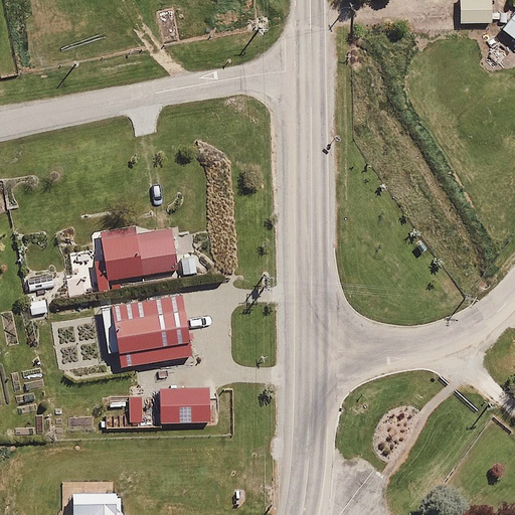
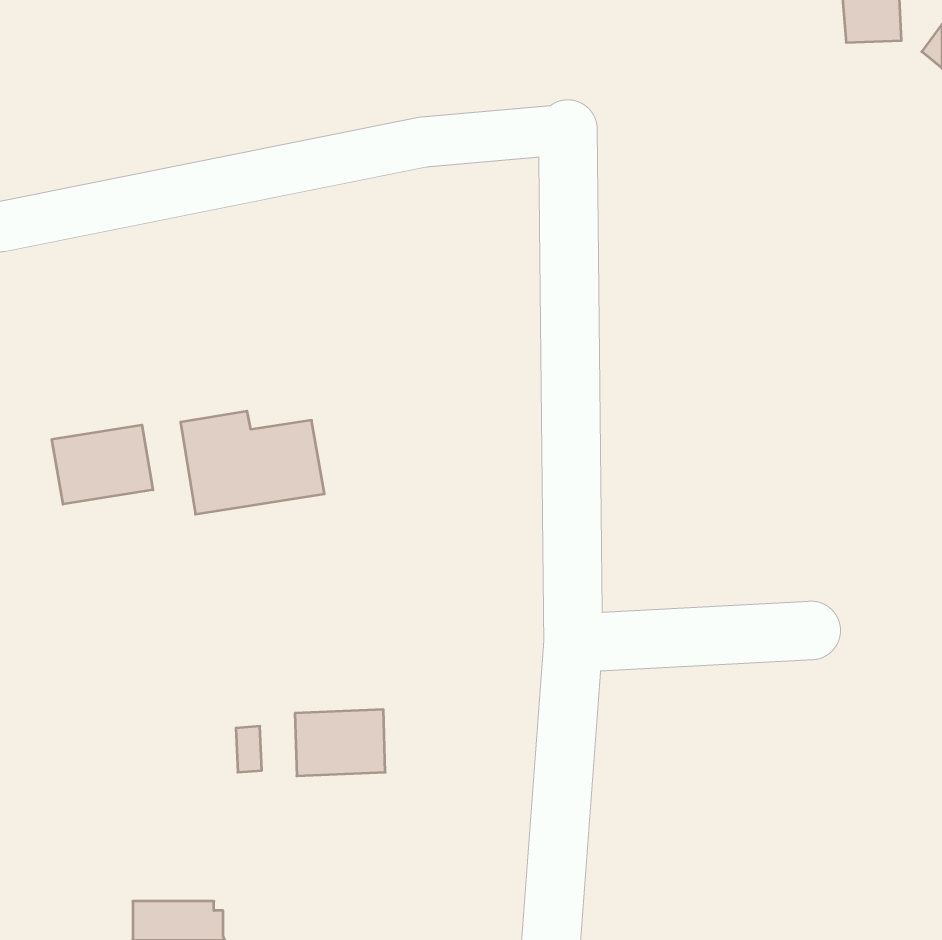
building: none -> [52,425,153,504]
building: [112,295,192,366] -> none

